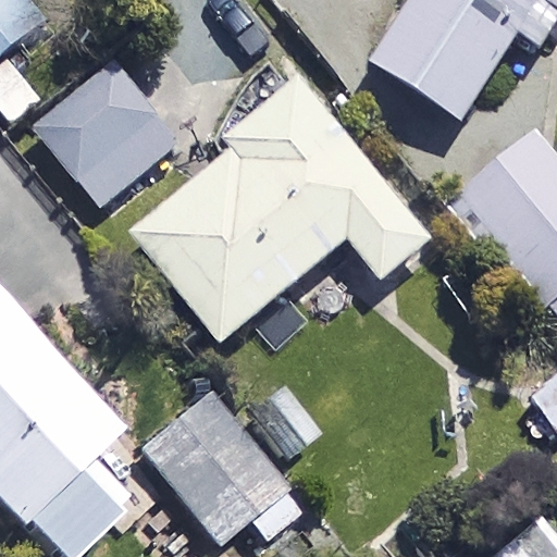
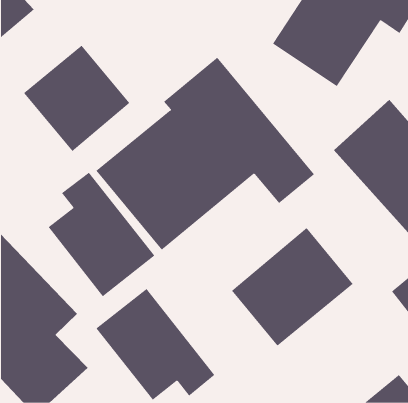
building: none -> [48,172,155,297]
building: none -> [231,227,354,346]

